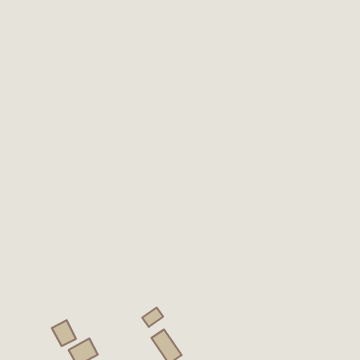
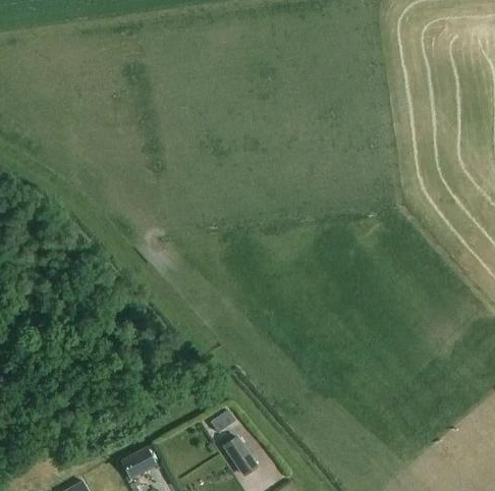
building: [52,320,76,346] -> none

